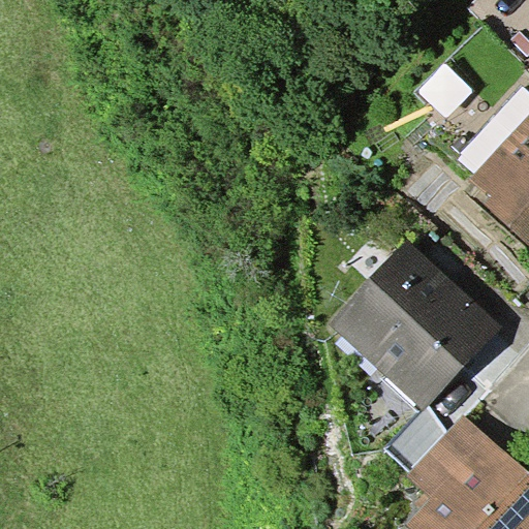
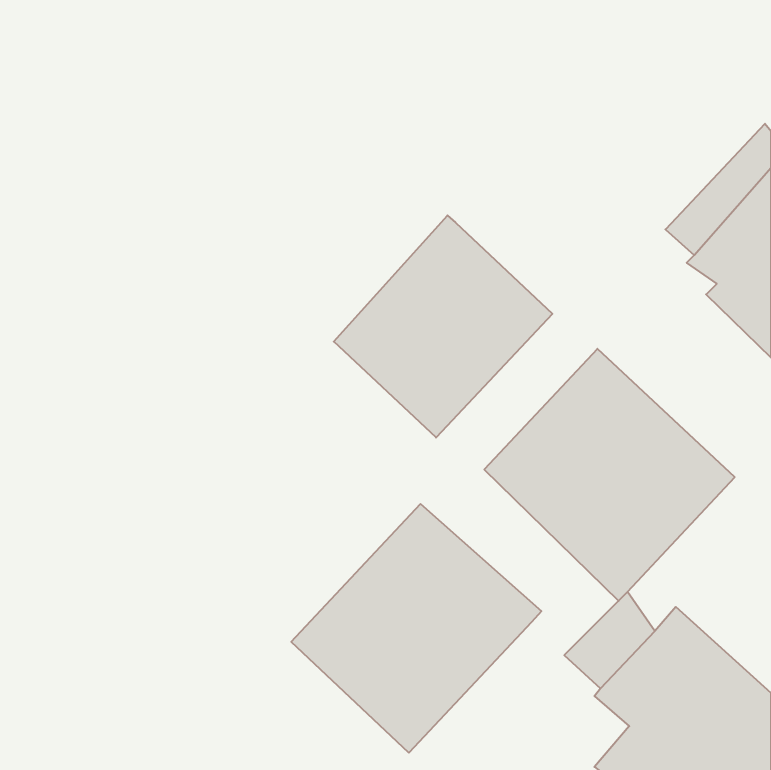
building: none -> [334,215,552,438]
building: none -> [291,504,541,753]

